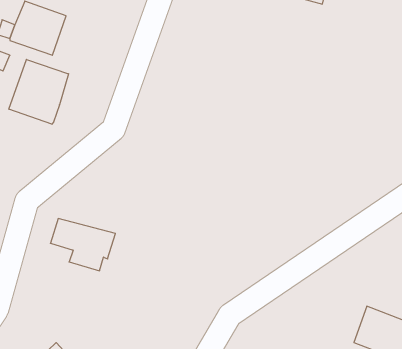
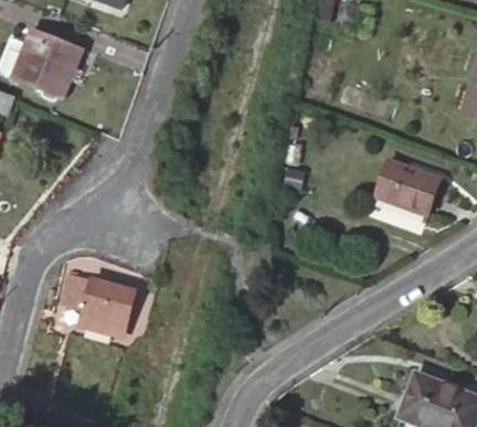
building: [9,59,69,124] -> none
building: none -> [378,161,446,218]

